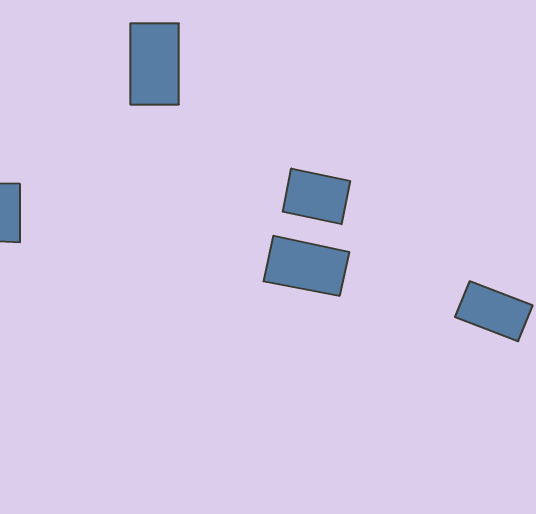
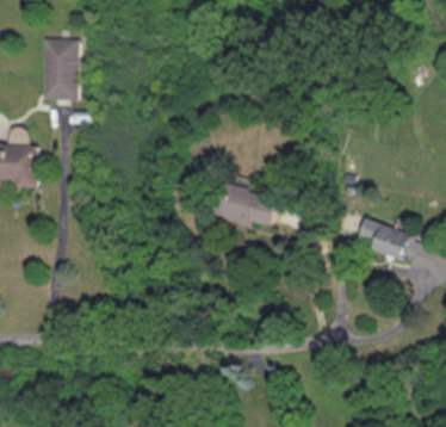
building: [130,23,179,104] -> [42,41,78,100]
building: [283,168,350,224] -> none

